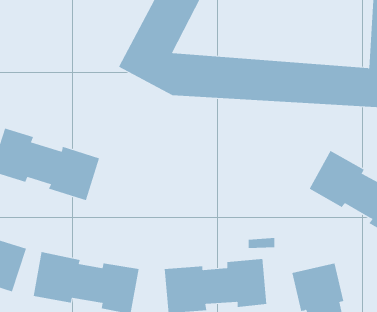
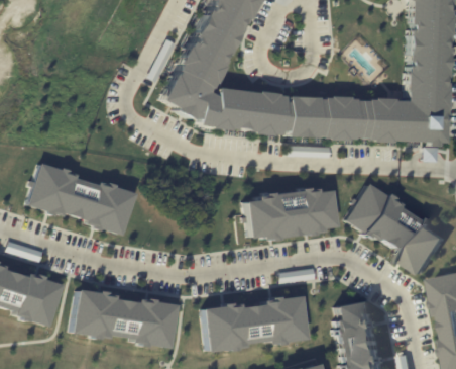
building: none -> [238,185,343,244]

